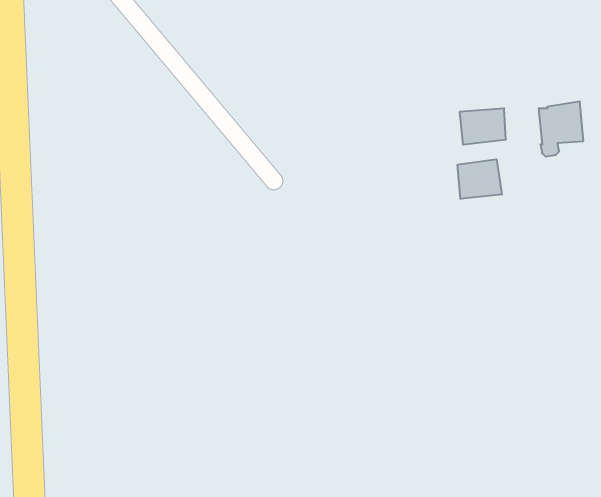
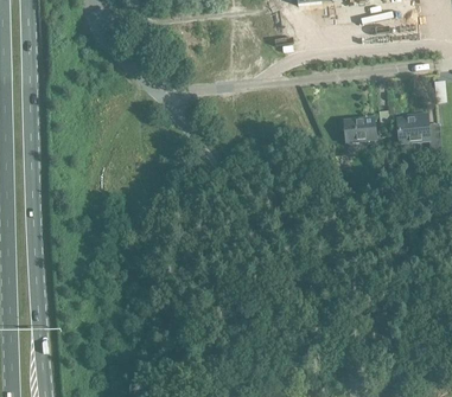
building: [458,159,502,199] -> none

